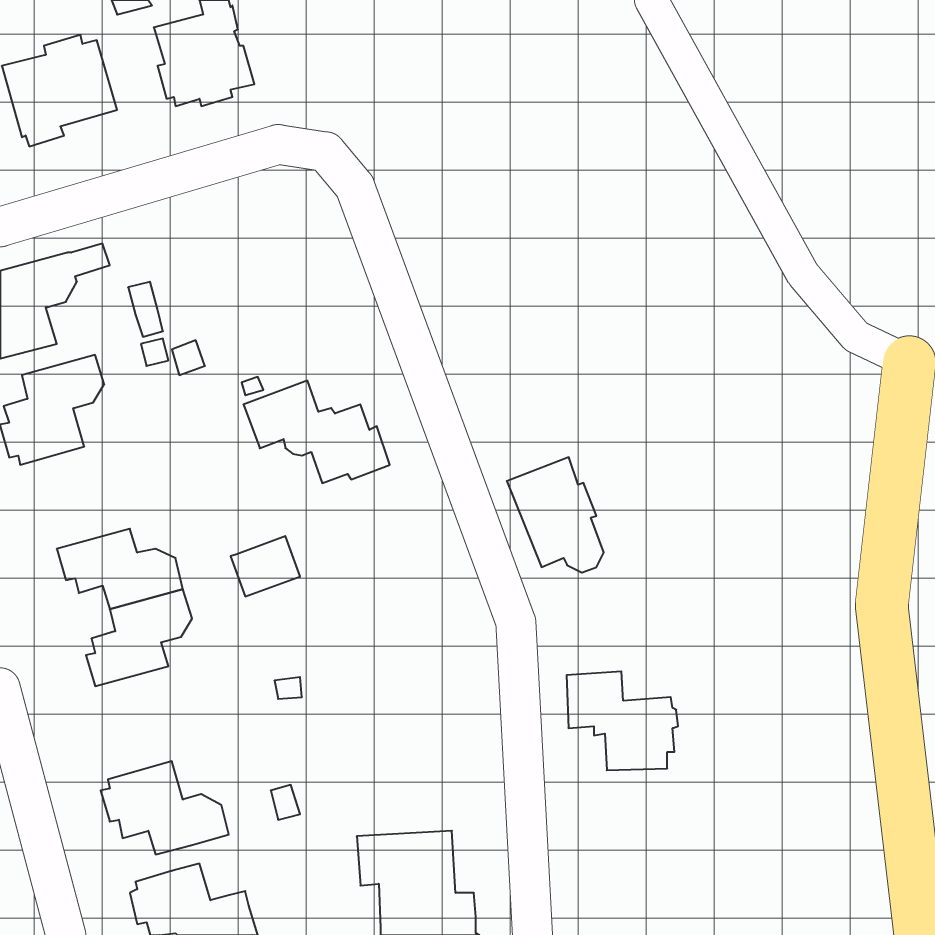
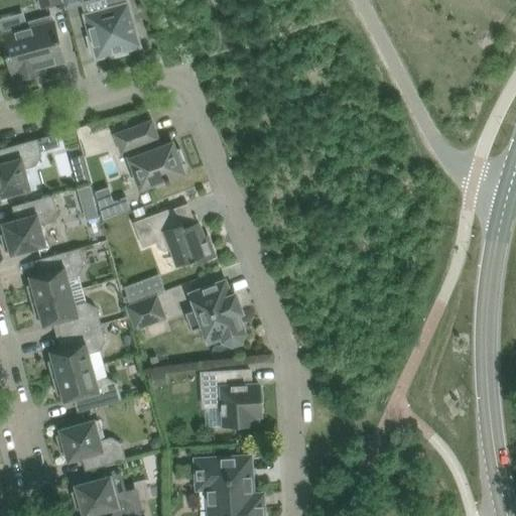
building: none -> [115,121,185,189]
building: none -> [26,248,85,302]
building: [507,457,604,573] -> [190,281,244,345]
building: none -> [124,275,165,305]
building: none -> [52,367,122,411]
building: [567,671,678,770] -> [202,371,263,425]

